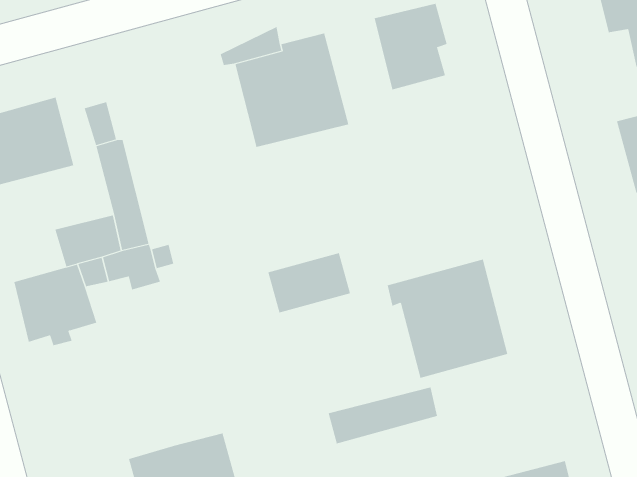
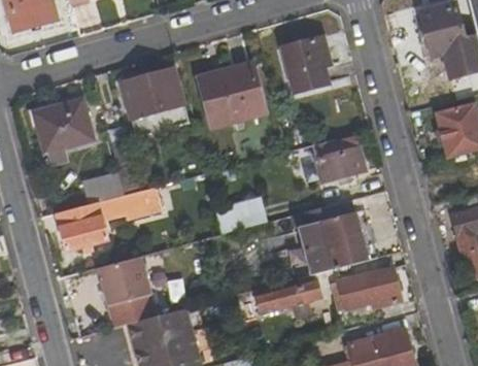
building: none -> [121,67,187,136]
building: none -> [289,137,366,187]
building: none -> [97,256,156,328]
building: none -> [329,265,399,308]

